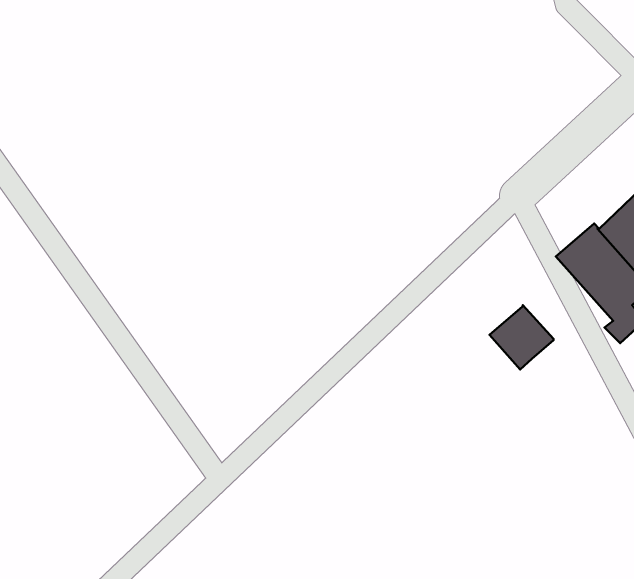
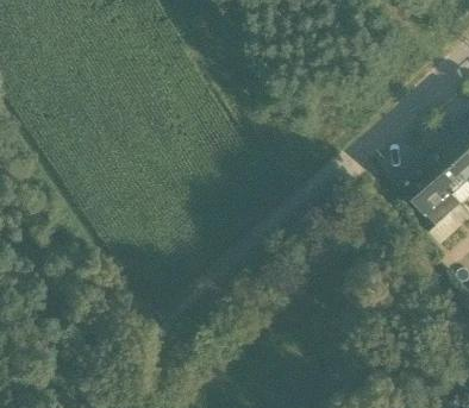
building: [489,305,554,370] -> none

